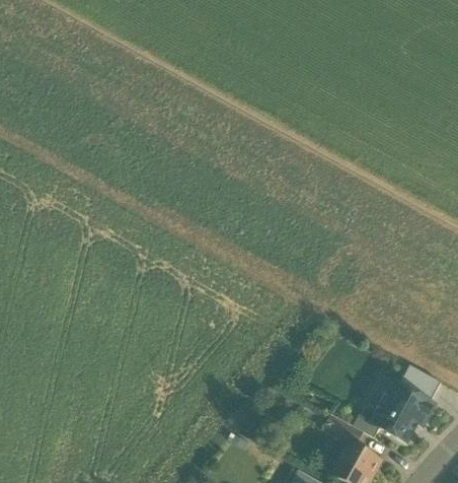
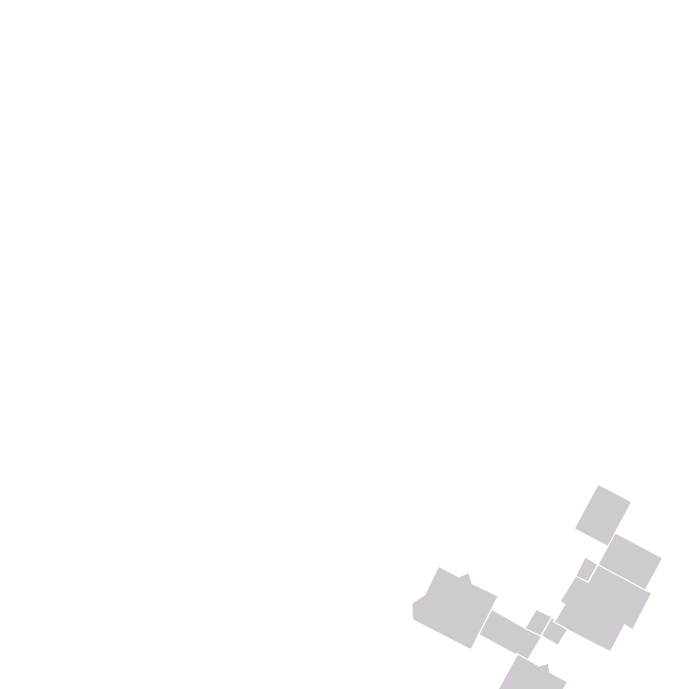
building: none -> [574,484,632,546]
building: none -> [412,566,499,650]

